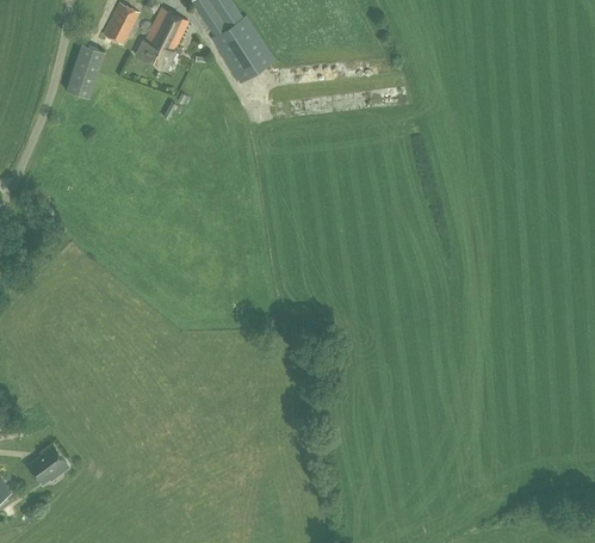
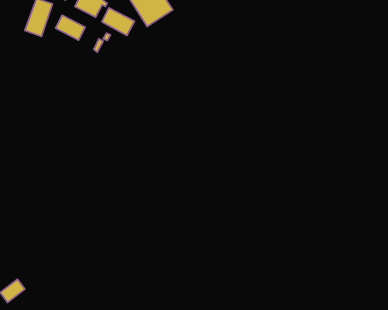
building: none -> [102,8,134,36]
building: none -> [55,15,85,40]

